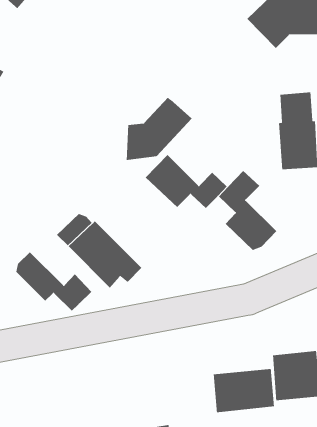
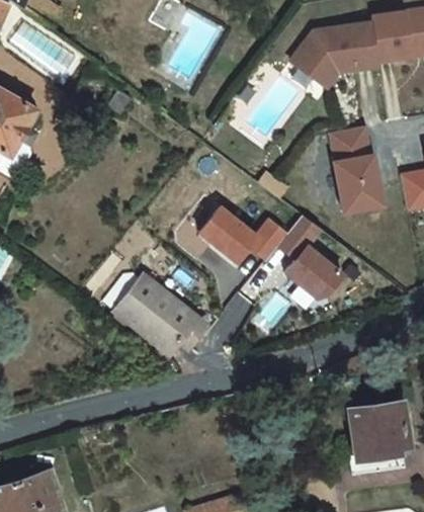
building: [126,97,192,161] -> none
building: [16,252,92,312] -> none
building: [213,368,275,413] -> none

